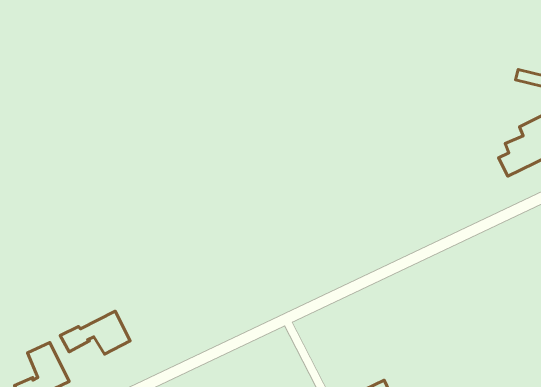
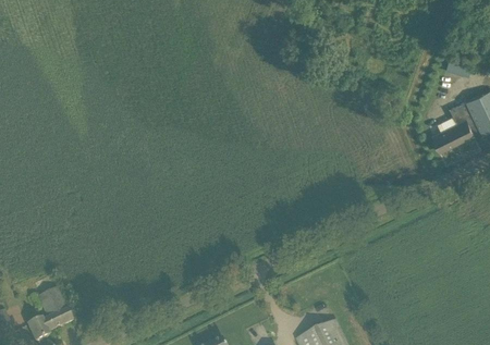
building: [60,311,130,354] -> none

